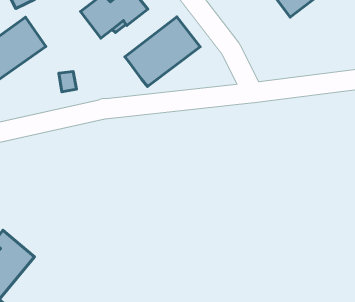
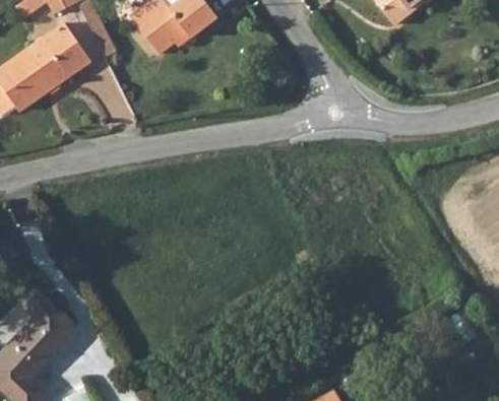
building: [125,17,200,87] -> none

